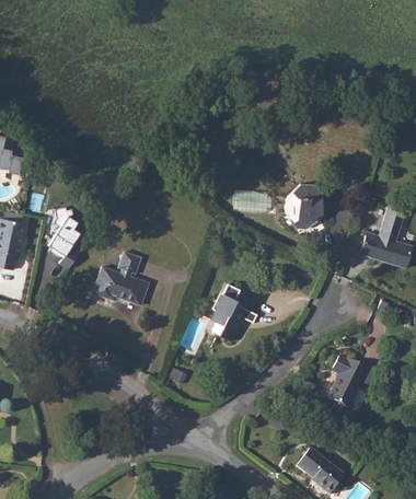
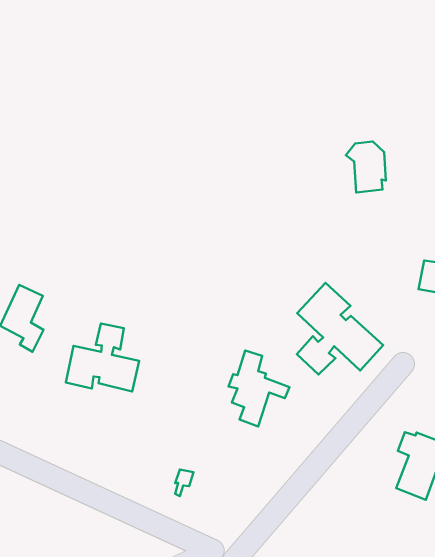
building: [291,183,320,219] -> [346,142,386,193]
building: none -> [297,283,383,374]

